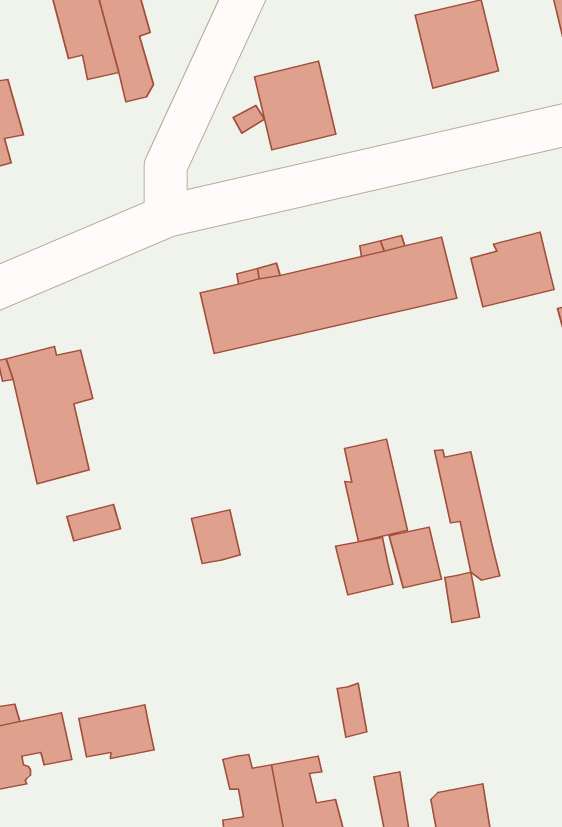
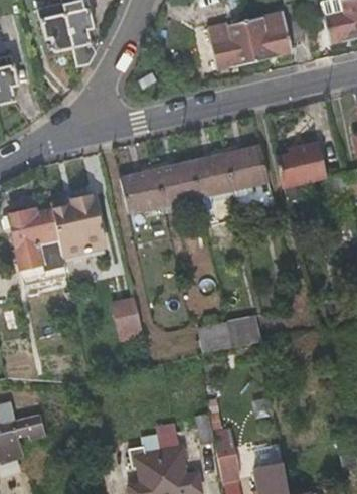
building: [254,61,336,150] -> [208,16,255,67]
building: none -> [51,195,106,264]
building: [344,439,408,542] -> none
building: [435,450,500,580] -> none
building: [79,705,154,758] -> none

